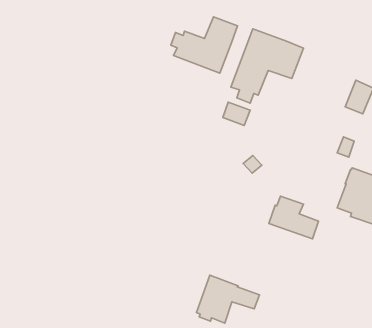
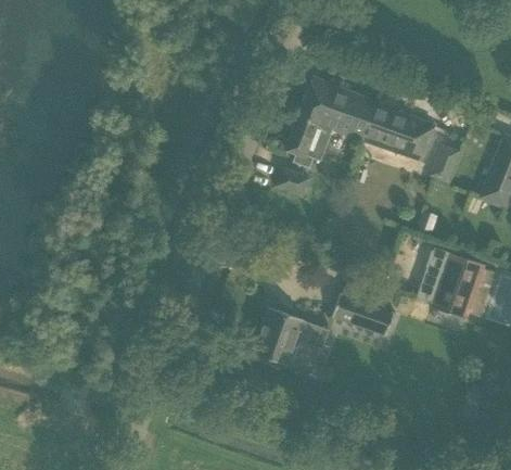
building: [171,17,237,73] -> none
building: none -> [361,103,434,161]
building: [196,275,259,323] -> [253,308,330,367]

